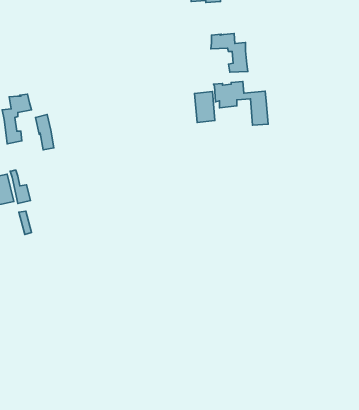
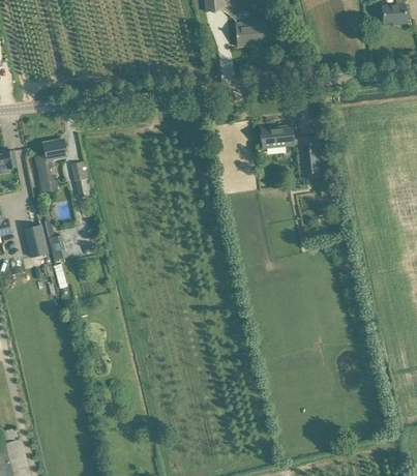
building: [211,33,248,72] -> none
building: [195,91,215,122] -> none

